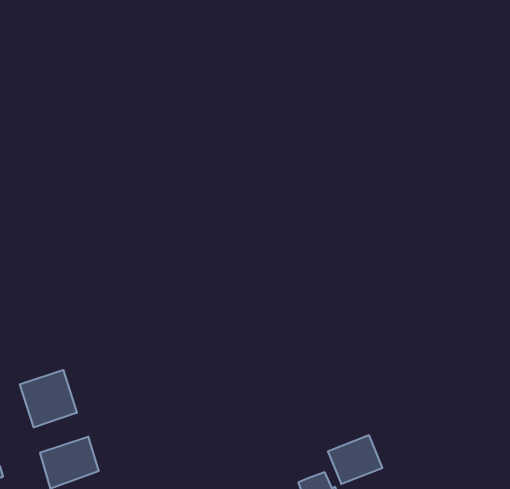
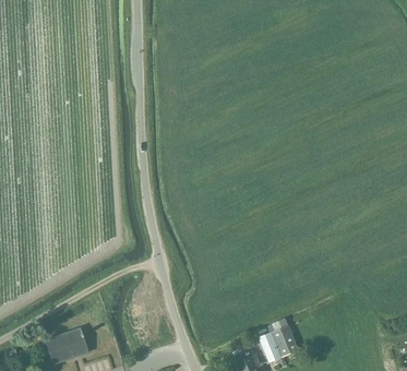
building: [20,370,77,427] -> none

